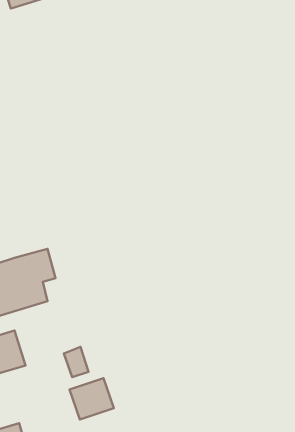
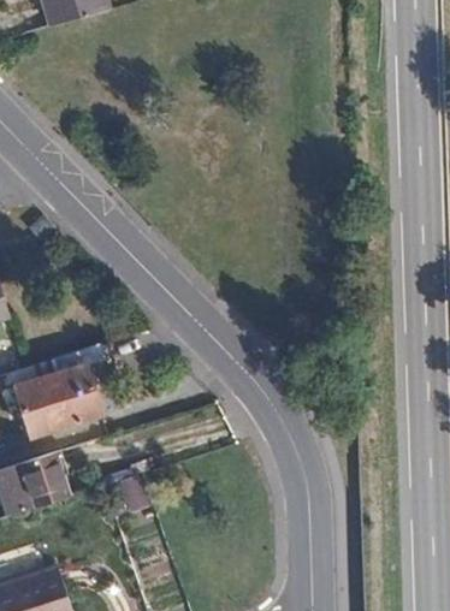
building: [69,378,114,420] -> none

